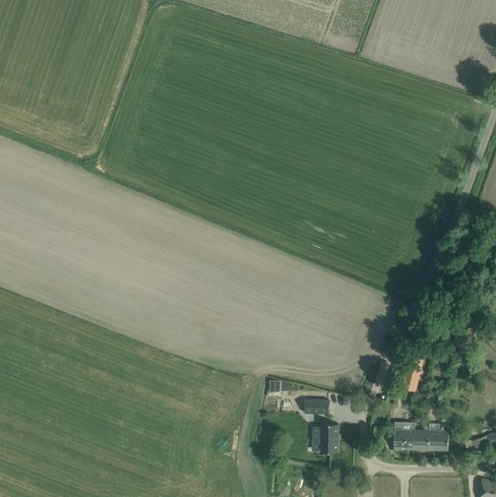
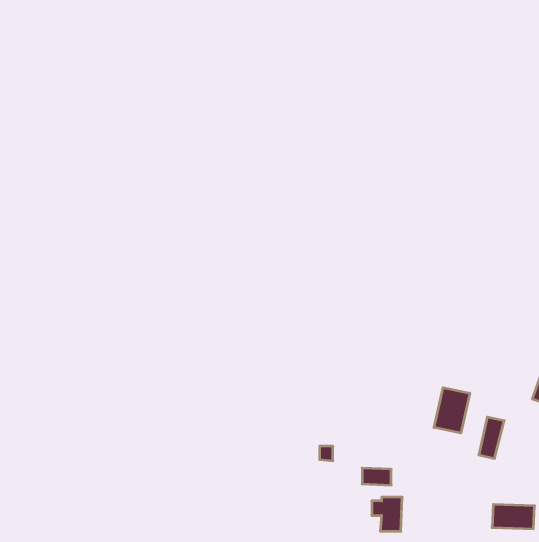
building: none -> [434,388,470,433]
building: [392,422,414,449] -> none

